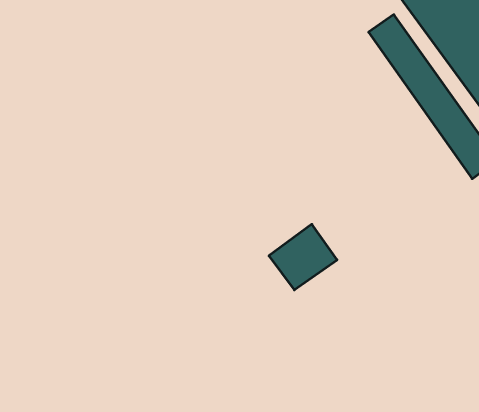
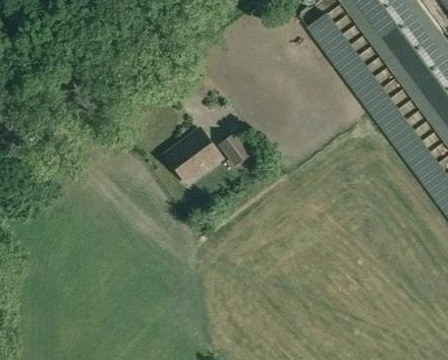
building: none -> [218,132,253,168]
building: [269,224,337,290] -> [167,130,222,183]

